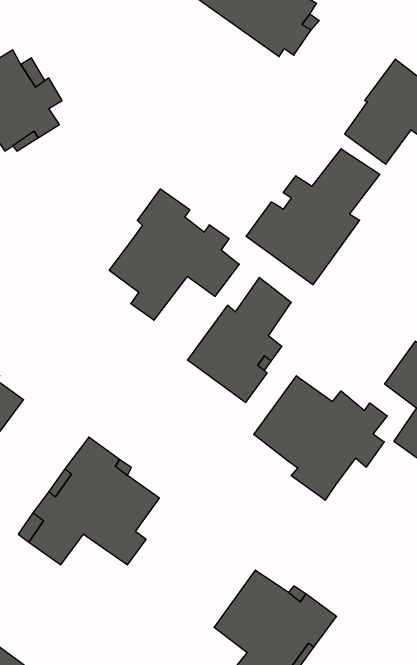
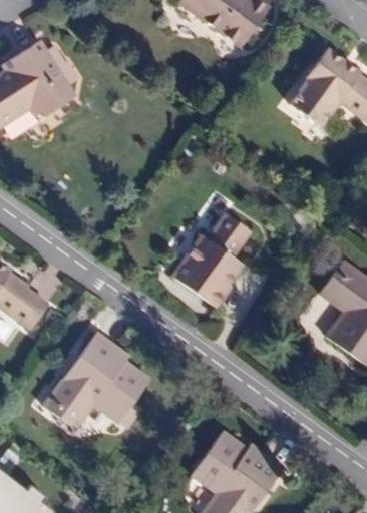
building: [246,149,380,285] -> none
building: [109,189,239,320] -> none
building: [254,376,387,500] -> none

